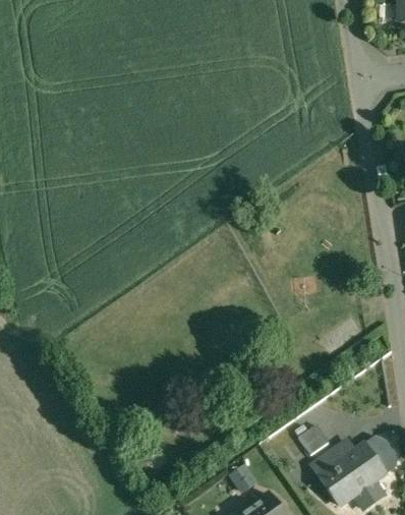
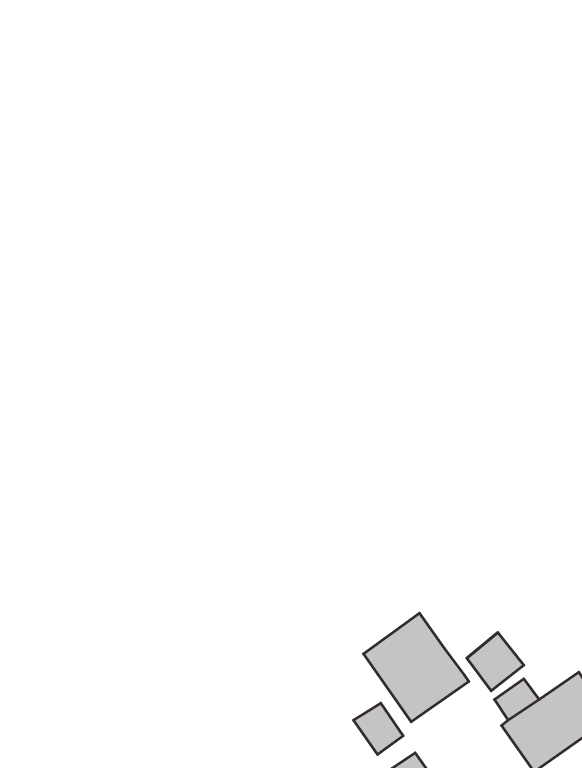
building: none -> [364,613,469,722]

